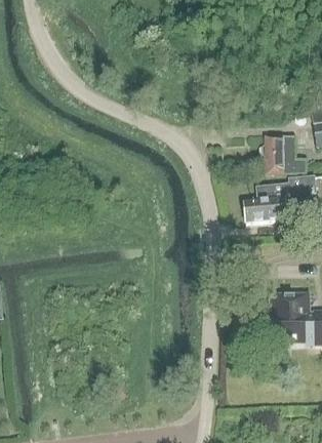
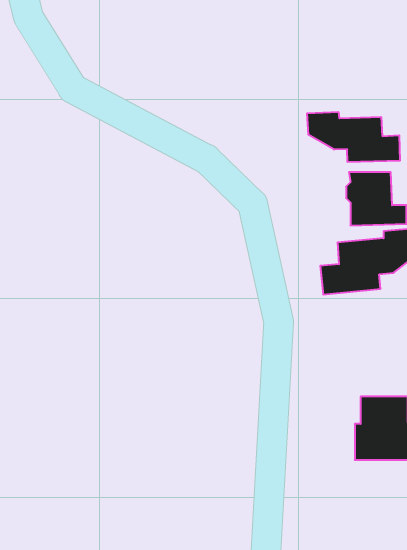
building: none -> [307,112,400,162]

